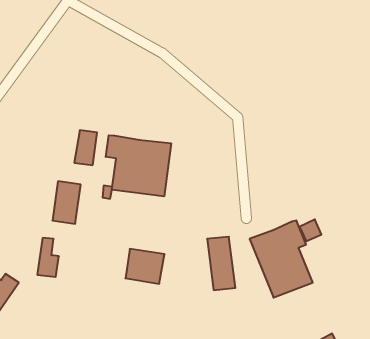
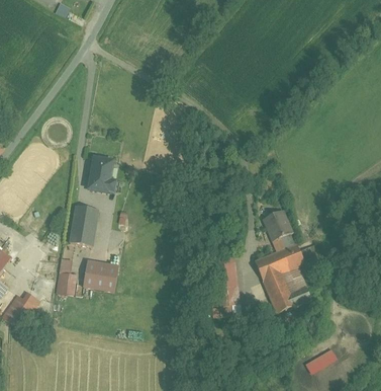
building: [106,135,171,196] -> none
building: none -> [262,210,293,251]
building: [125,249,165,284] -> [83,260,119,293]

